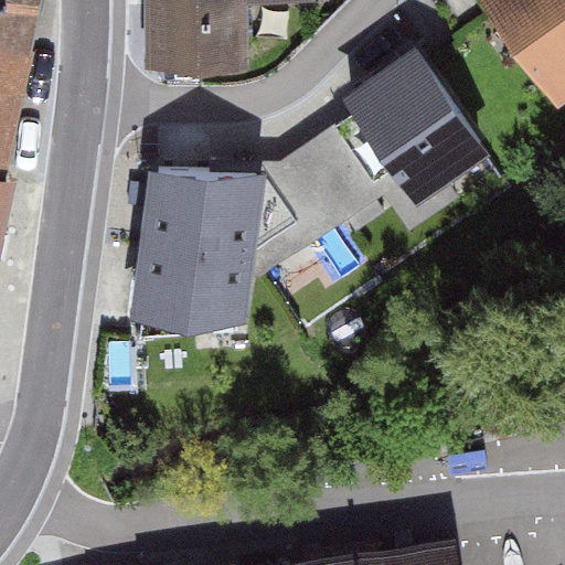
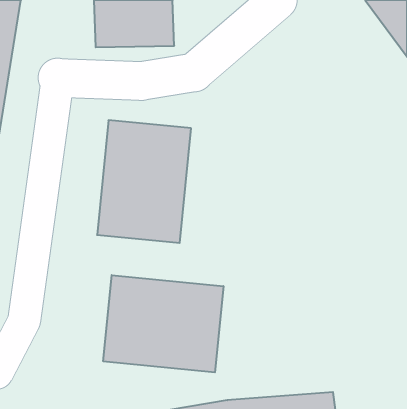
building: [344,55,491,212] -> none
building: none -> [103,275,223,372]

